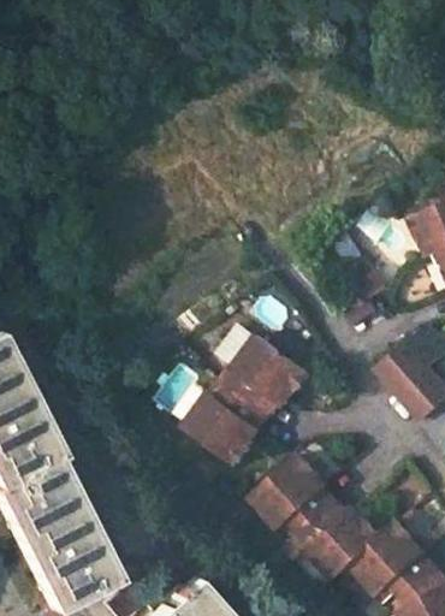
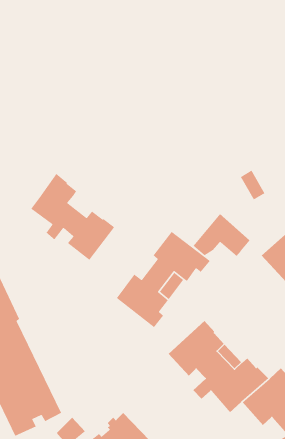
building: none -> [30,173,115,261]
building: none -> [192,213,250,257]

